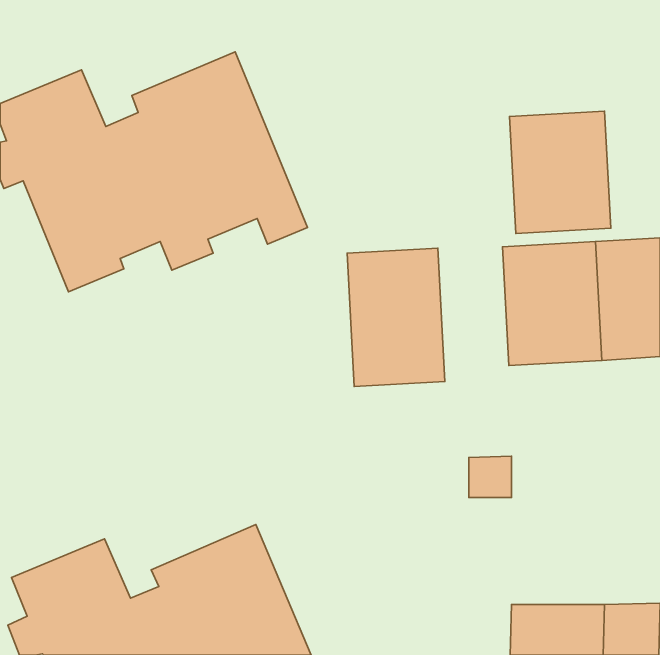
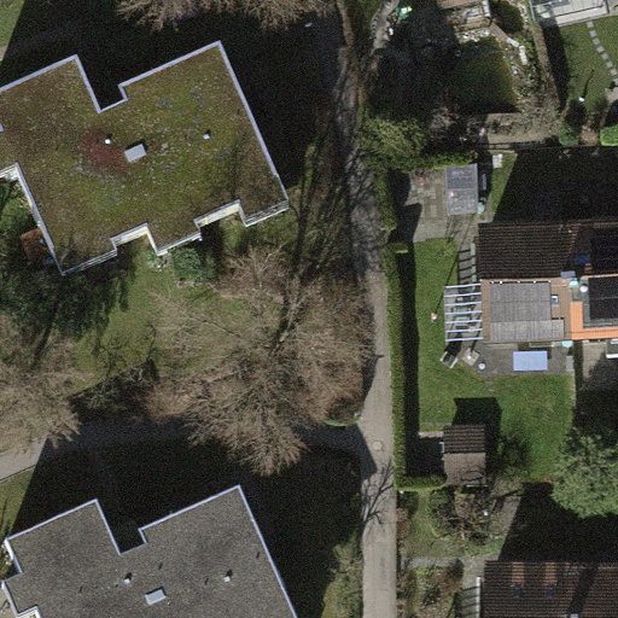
building: [510,111,611,233] -> none
building: [347,248,445,386] -> none

